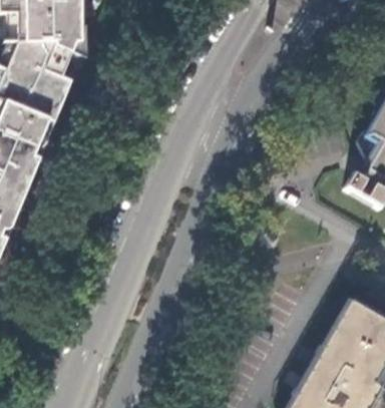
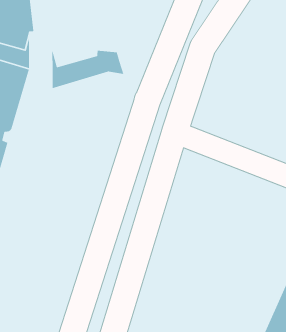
building: none -> [52,45,124,89]

